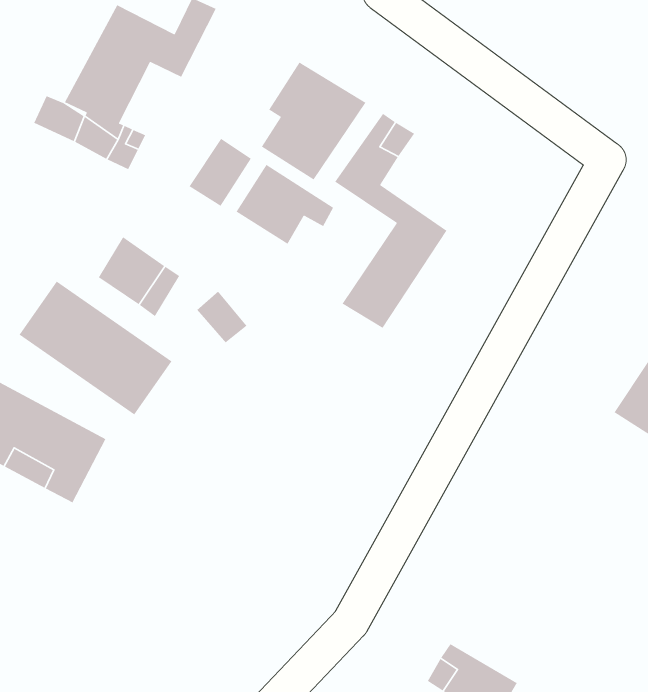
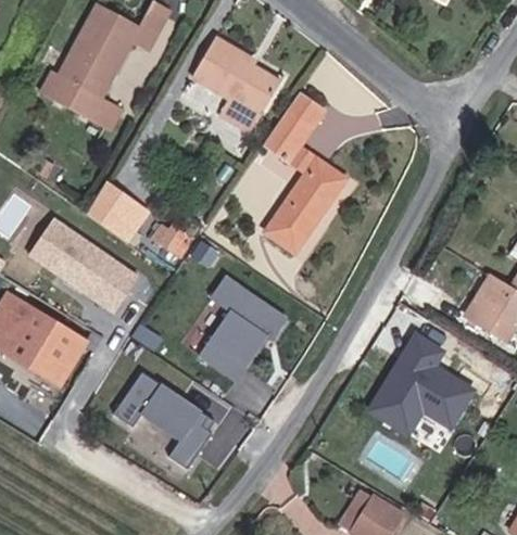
building: [189,138,252,207] -> [187,37,234,88]
building: [235,164,334,245] -> none
building: none -> [199,278,289,384]
building: none -> [364,329,467,436]
building: none -> [115,370,238,466]

